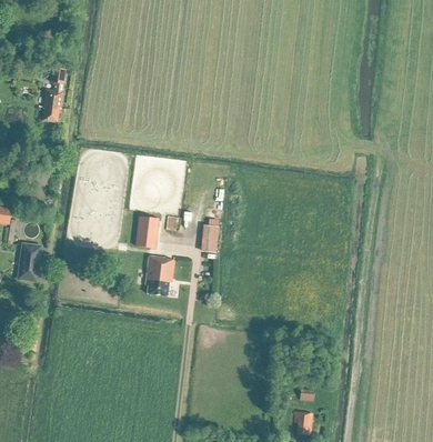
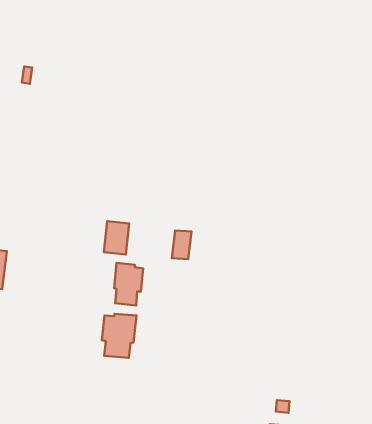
building: [43,88,64,122] -> none
building: none -> [102,314,136,358]

